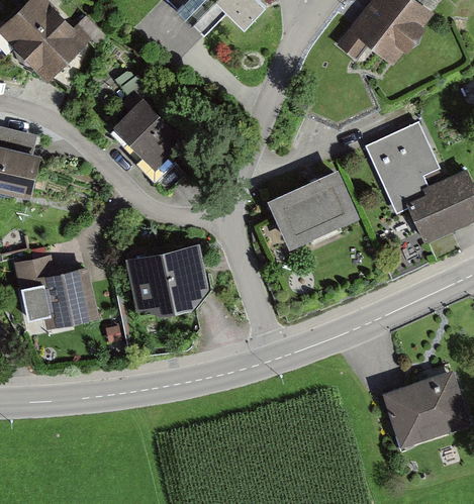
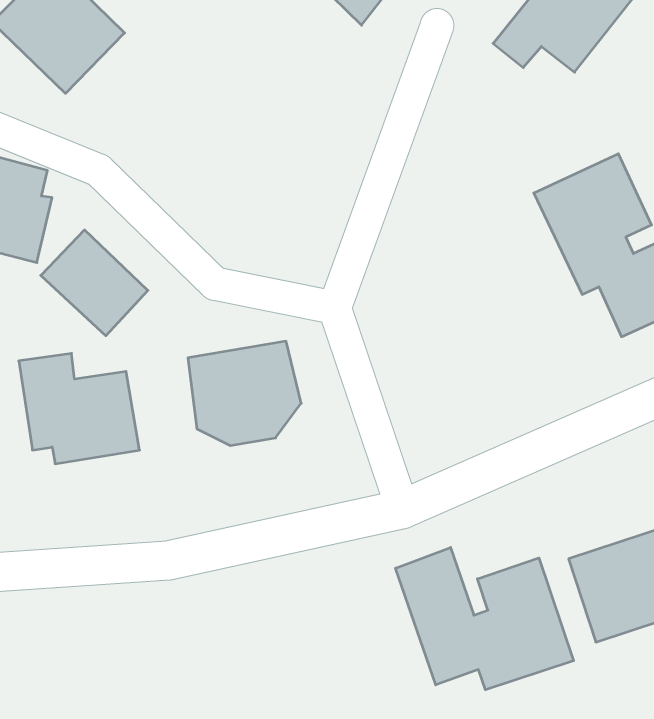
building: [112,100,184,171] -> [41,230,148,336]
building: [267,172,360,250] -> none
building: none -> [396,547,574,690]

